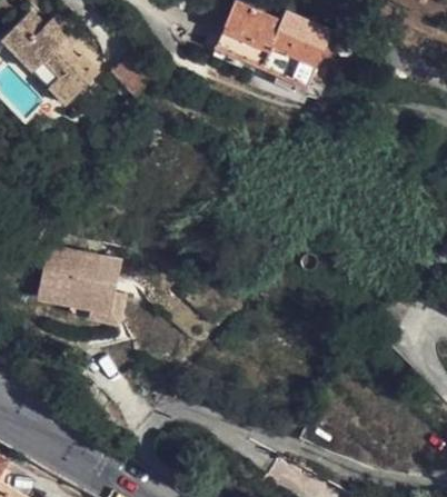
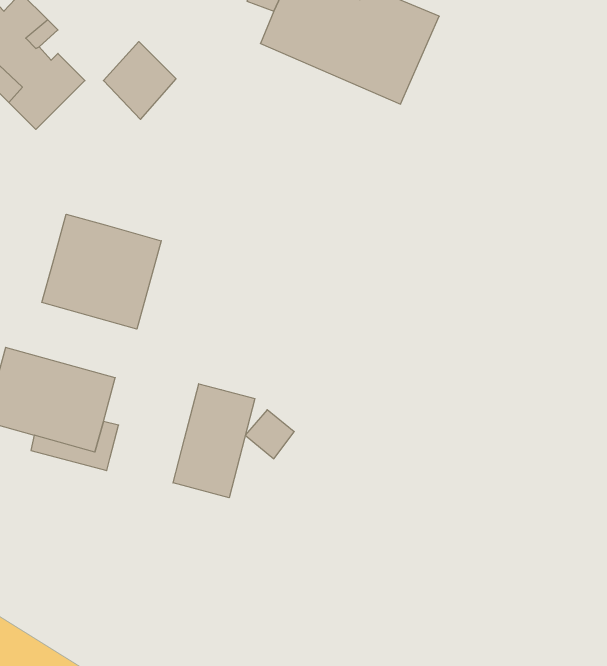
building: none -> [42,214,161,329]
building: none -> [173,384,255,498]

